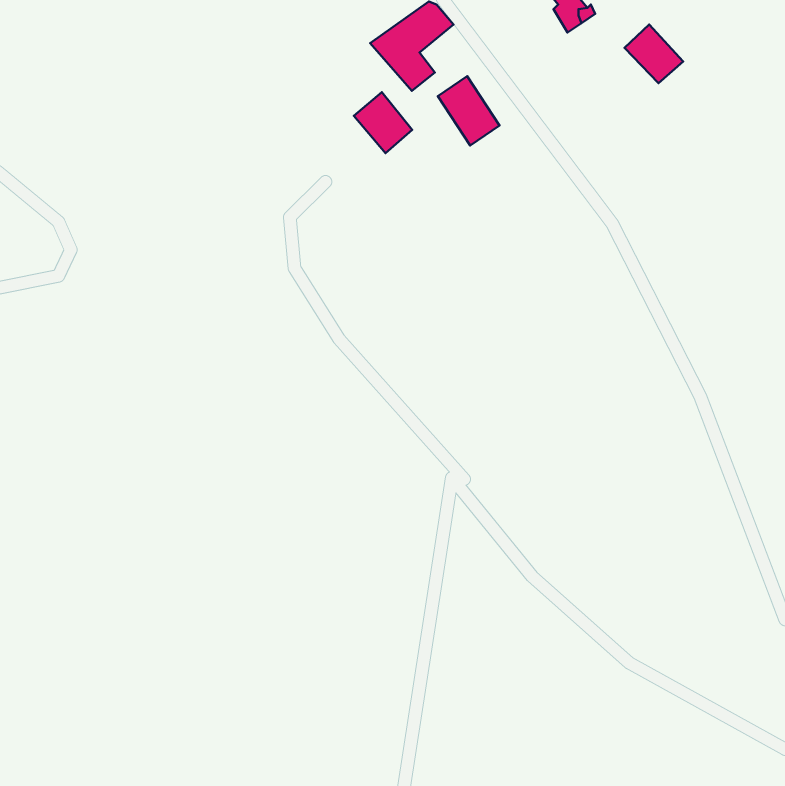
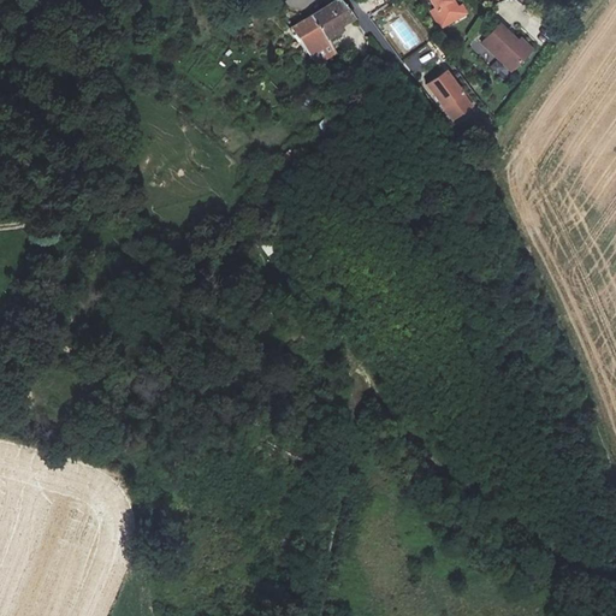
building: [438,76,500,145] -> [424,69,472,123]
building: [354,92,412,153] -> none

